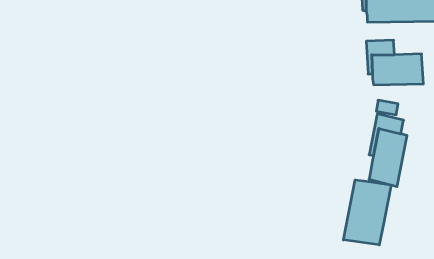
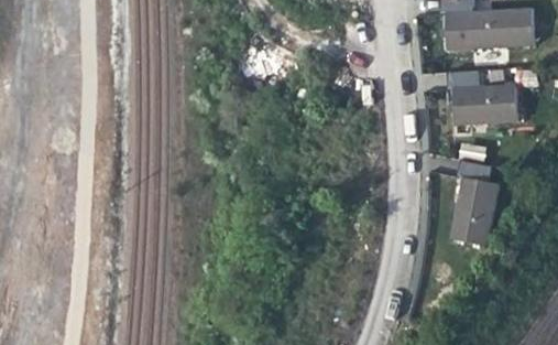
building: [343,180,391,245] -> none

